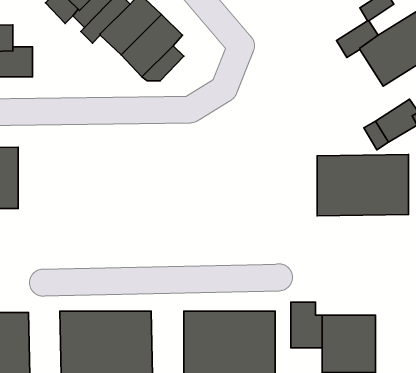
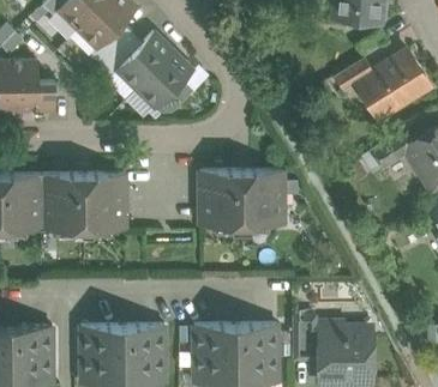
building: none -> [41,175,125,231]
building: [317,155,409,216] -> [199,171,283,228]

